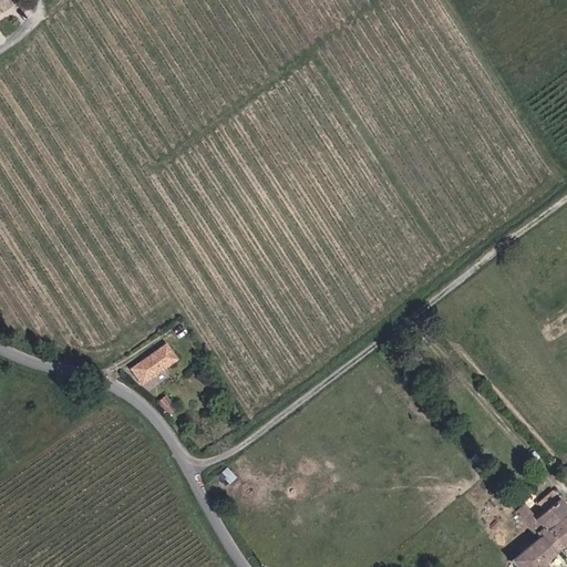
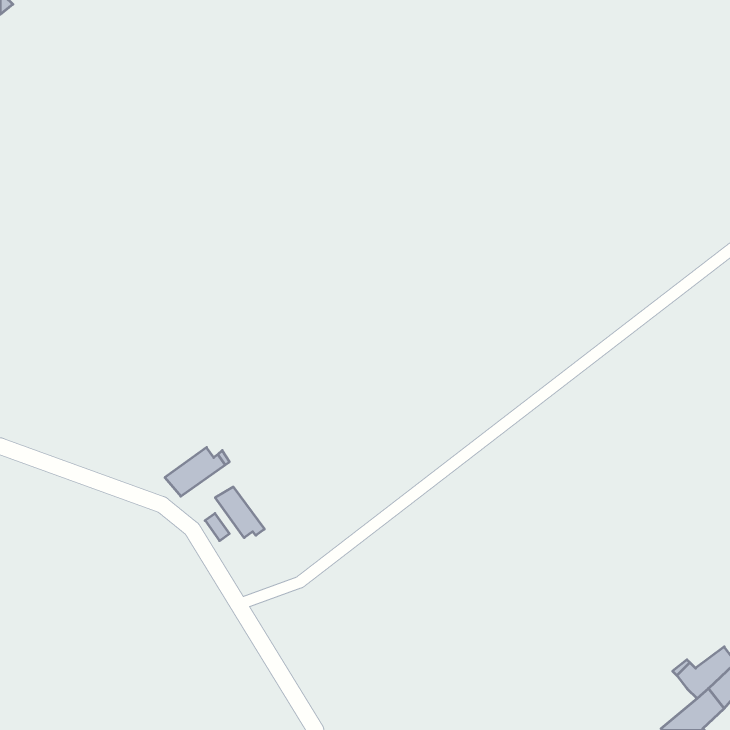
building: none -> [215,487,264,538]

